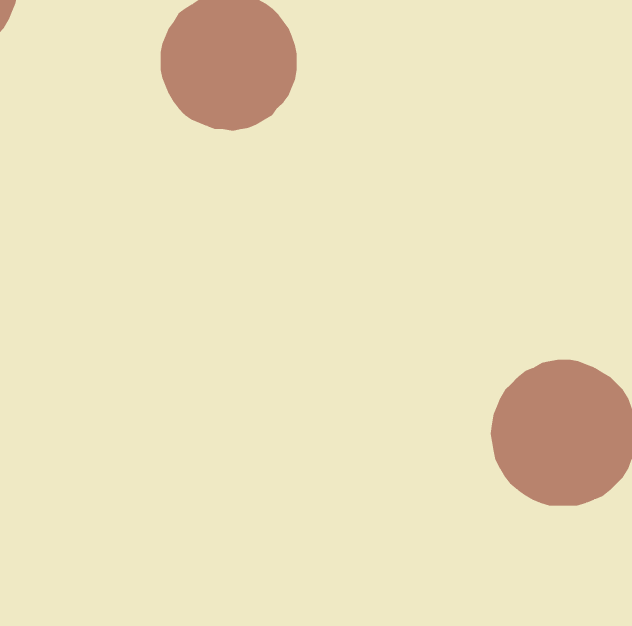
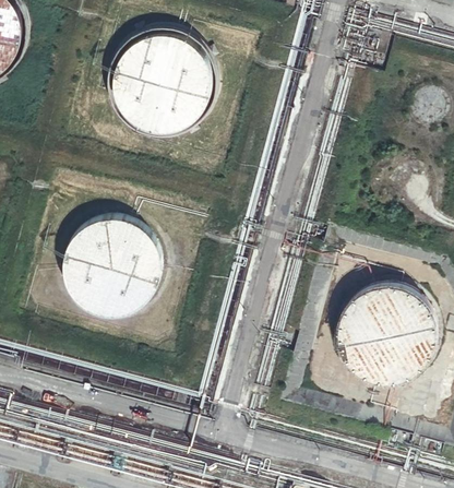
building: none -> [63,217,164,317]

